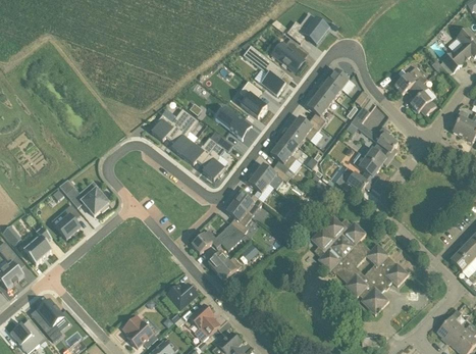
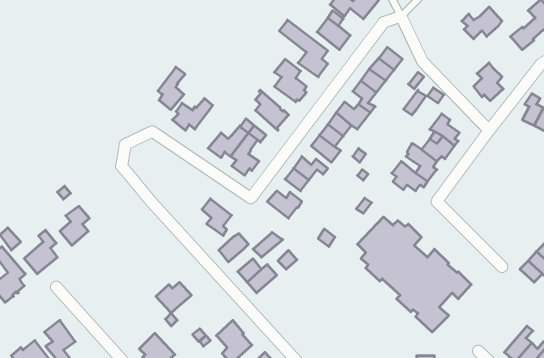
building: [391,66,426,94] -> [462,7,502,39]
building: [170,119,194,156] -> [158,67,185,110]
building: [58,182,108,215] -> none
building: [225,202,251,234] -> [202,199,232,236]
building: [166,283,197,309] -> [156,282,191,313]

